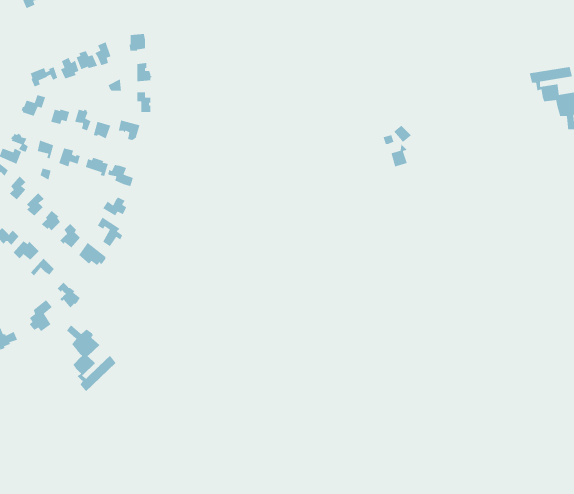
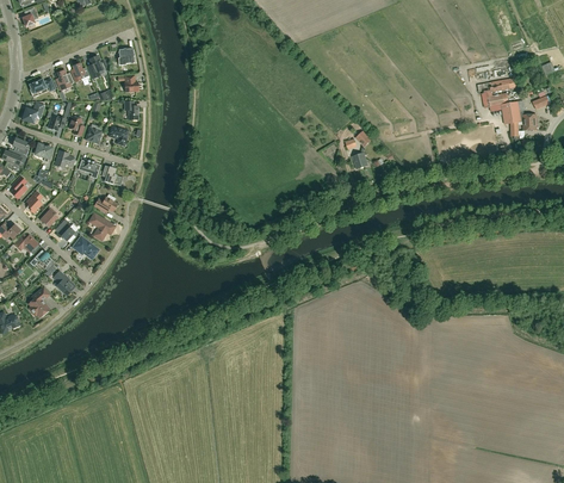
building: [66,324,117,392] -> none

